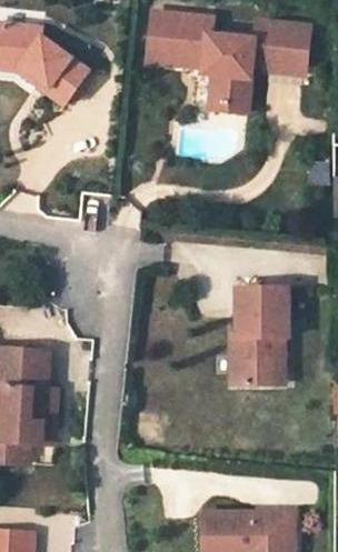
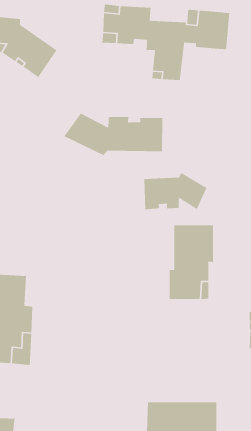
building: none -> [63,113,163,156]
building: none -> [143,172,207,210]

